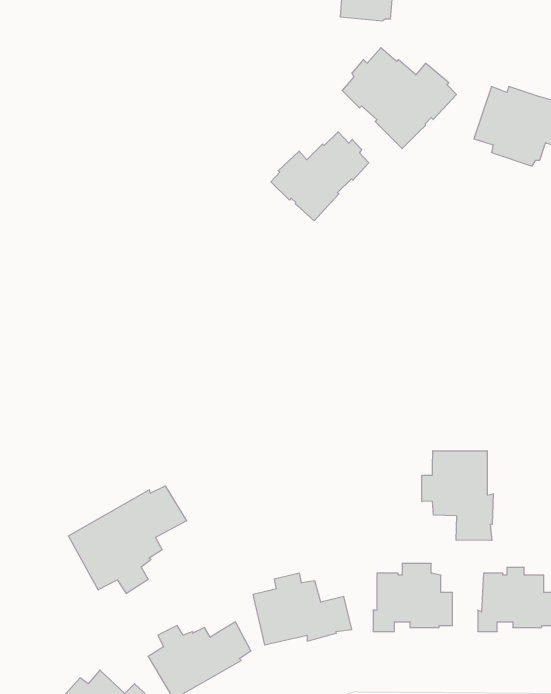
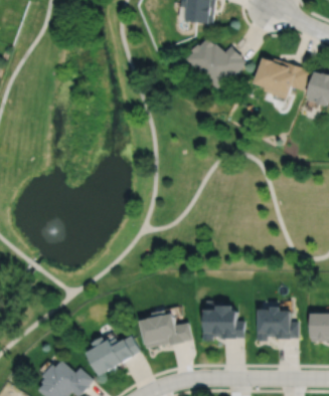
building: [271,132,369,221] -> none
building: [422,451,493,540] -> none
building: [68,486,187,594] -> none

